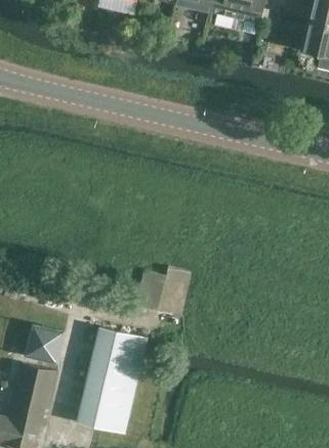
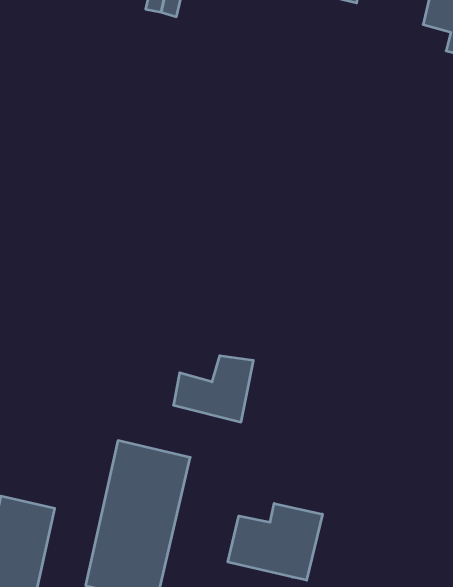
building: [25,323,63,361] -> none
building: none -> [228,503,322,580]

